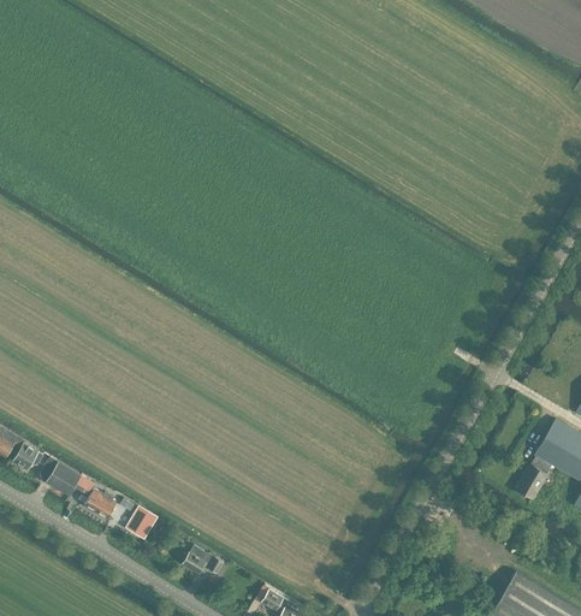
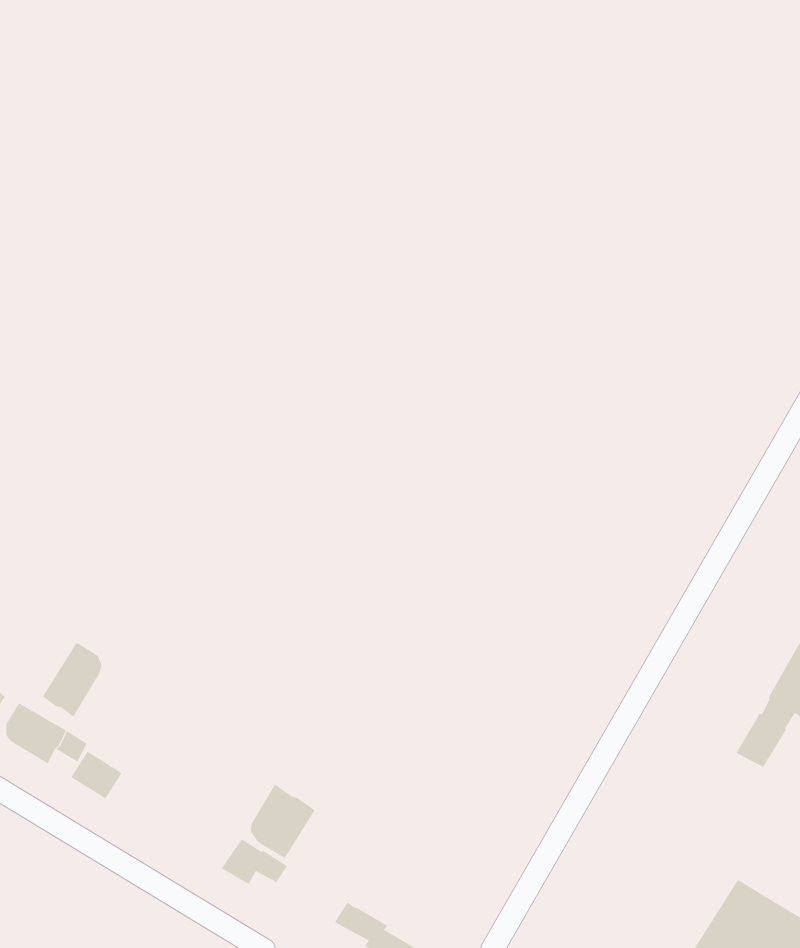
building: none -> [42,642,102,718]
building: [125,507,158,539] -> none
building: none -> [250,784,316,859]

